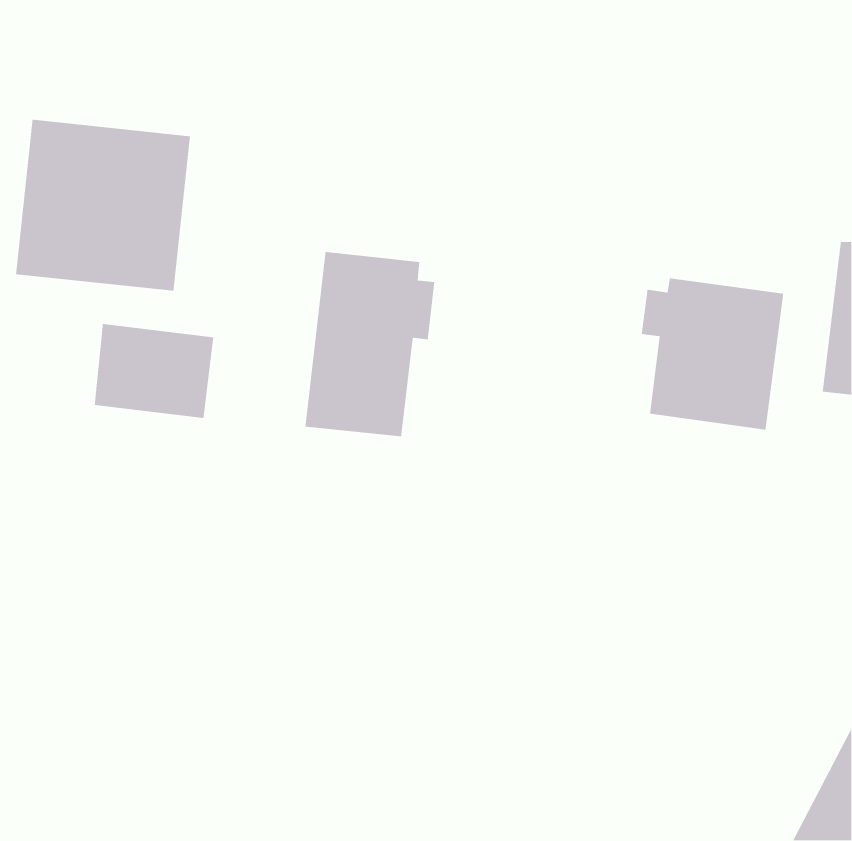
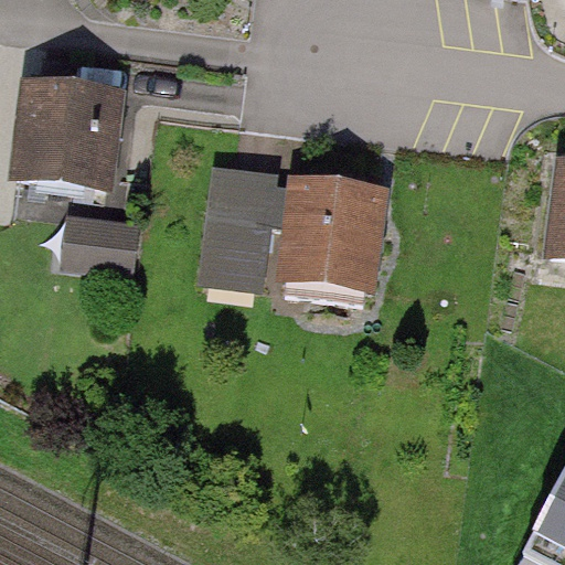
building: none -> [275,173,390,294]
building: [641,277,784,430] -> none

